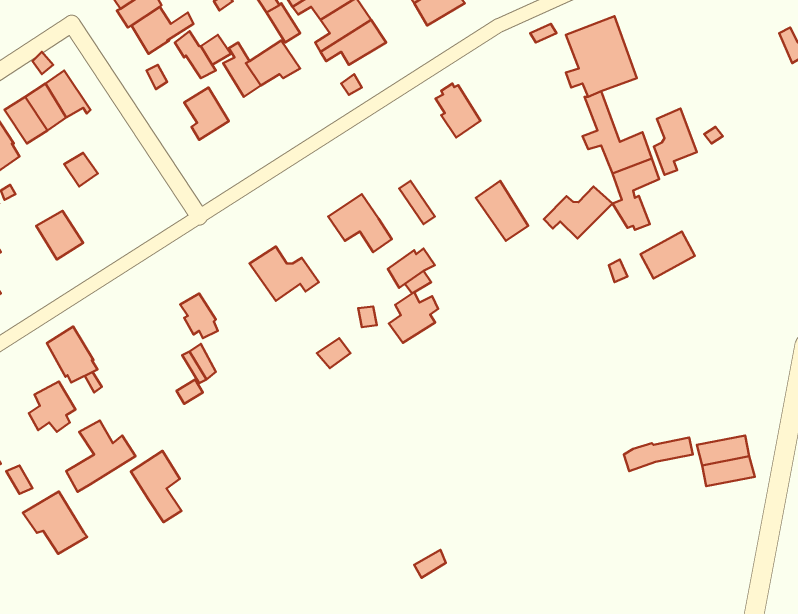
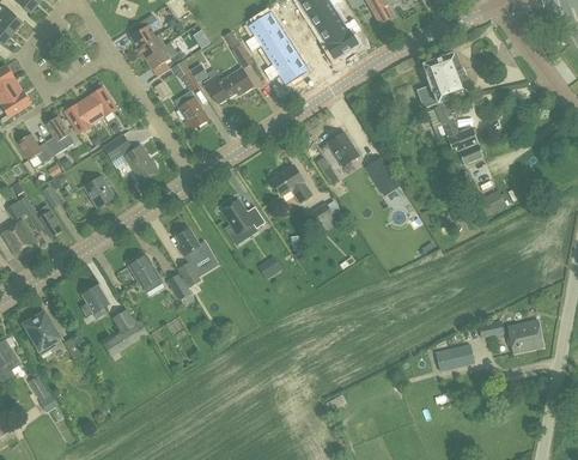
building: [436,83,480,138] -> [329,131,358,165]
building: [654,109,697,175] -> none
building: none -> [124,145,156,180]
building: [544,186,612,238] -> none
building: [389,292,438,343] -> none
building: [47,326,97,383] -> [129,255,162,291]
building: [131,451,182,522] -> none
building: none -> [436,344,475,370]
building: [23,492,87,554] -> none

